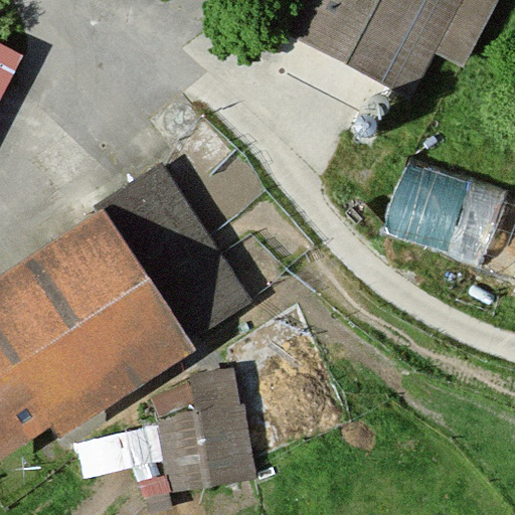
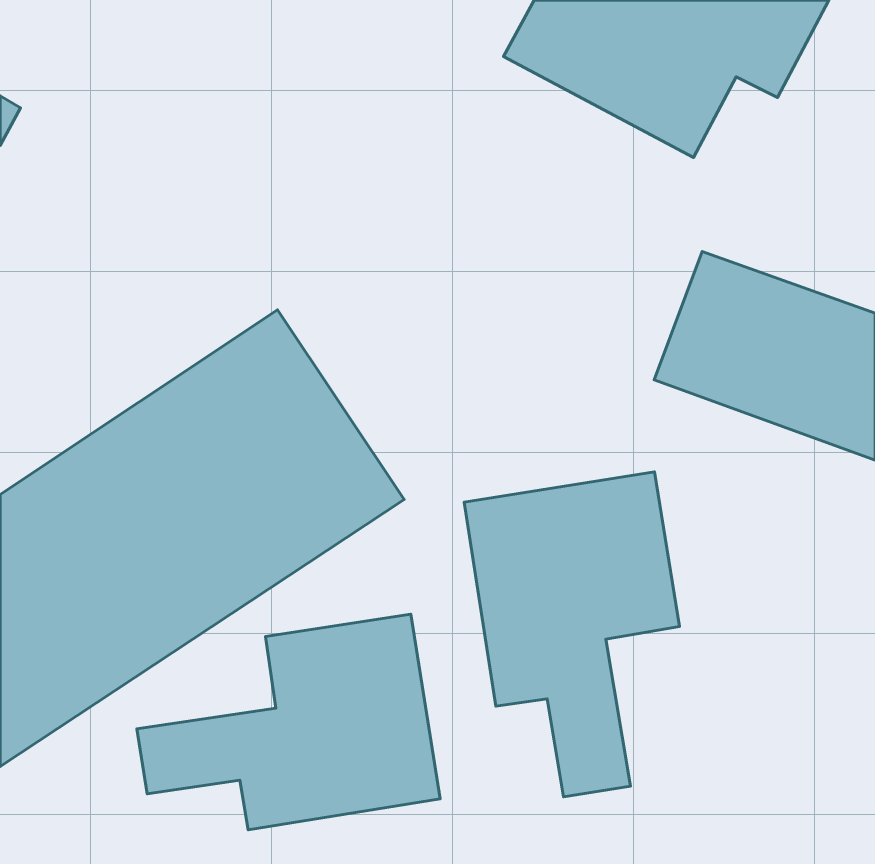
building: none -> [464,472,680,797]

